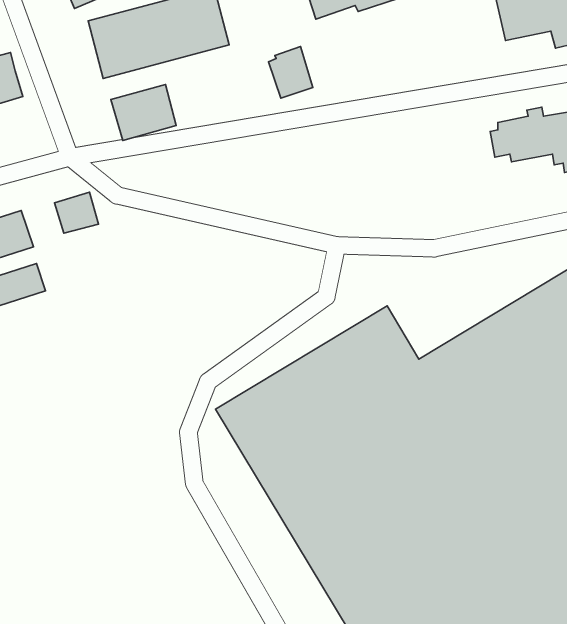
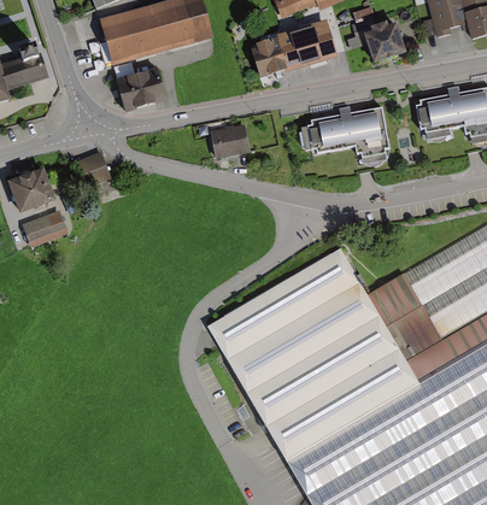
building: none -> [270,19,331,74]
building: none -> [358,24,401,66]
building: none -> [311,106,395,158]
building: none -> [205,125,245,160]

